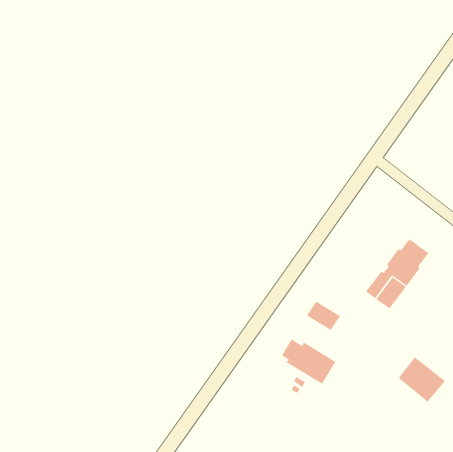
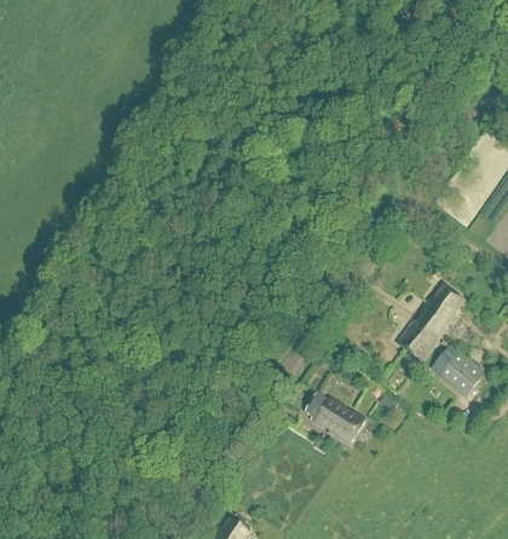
building: [306,301,341,331] -> none
building: [398,357,446,403] -> [433,346,485,395]

